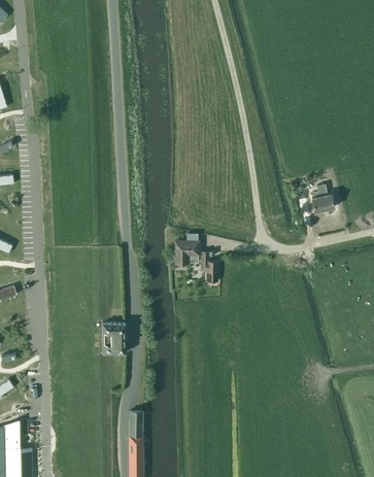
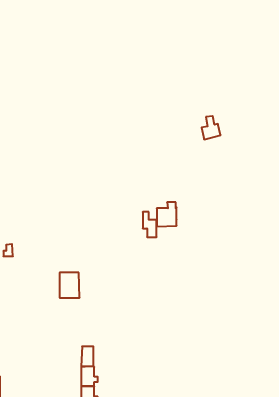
building: [311,185,334,213] -> [202,116,221,139]
building: [174,235,198,264] -> [157,202,177,227]

